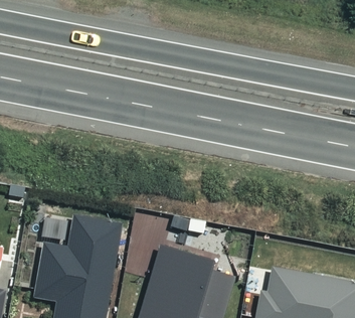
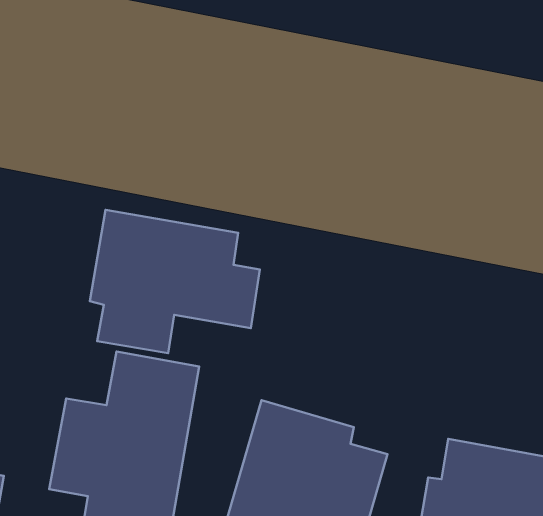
building: none -> [90,210,260,353]

